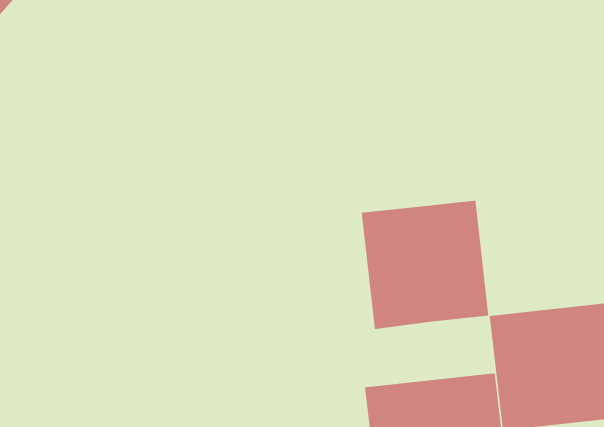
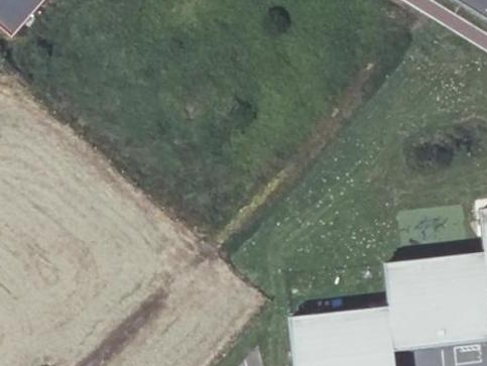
building: [361,200,489,330] -> none

